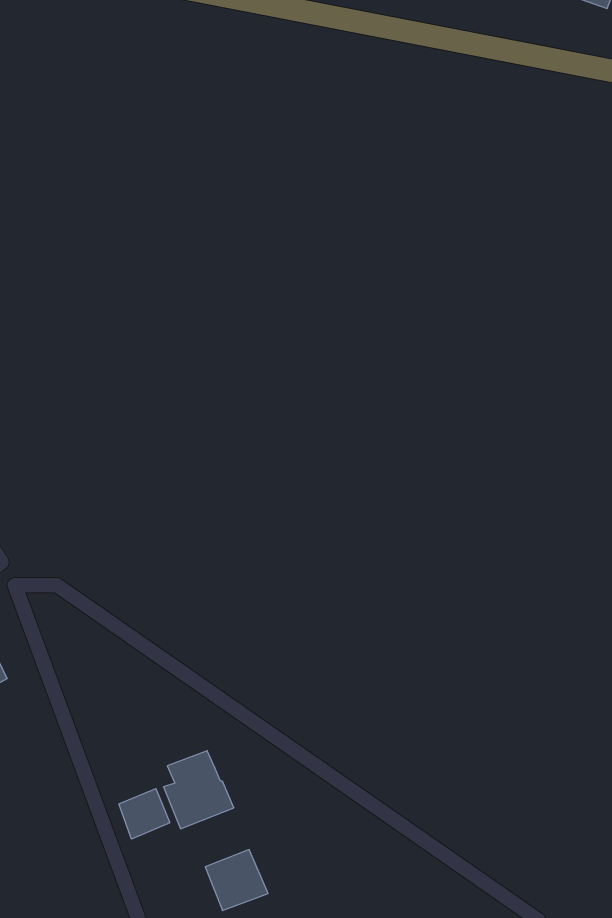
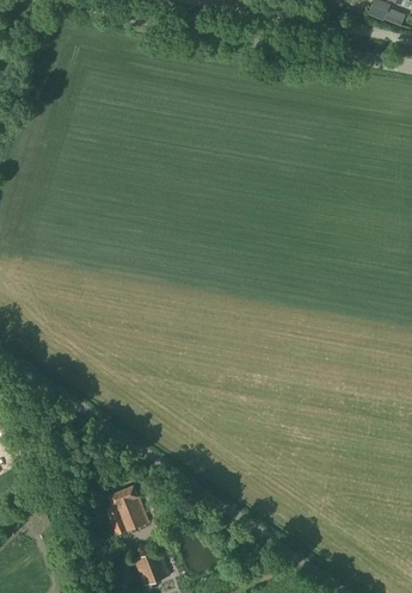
building: [119,789,170,839] -> none

